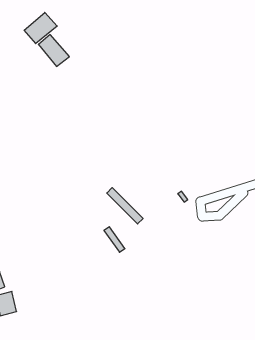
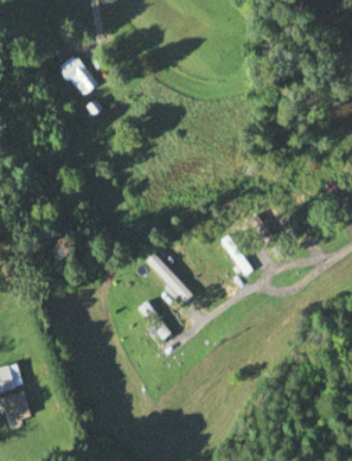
building: [24,12,57,44] -> none

